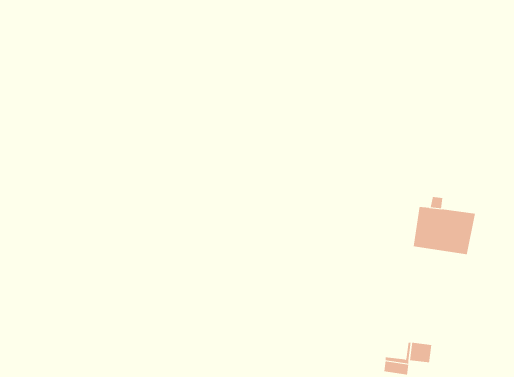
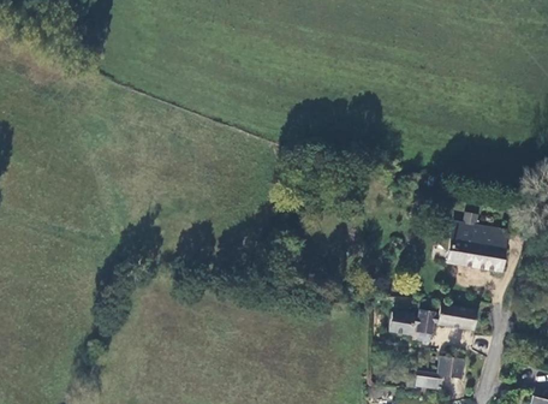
building: none -> [389,307,476,337]

